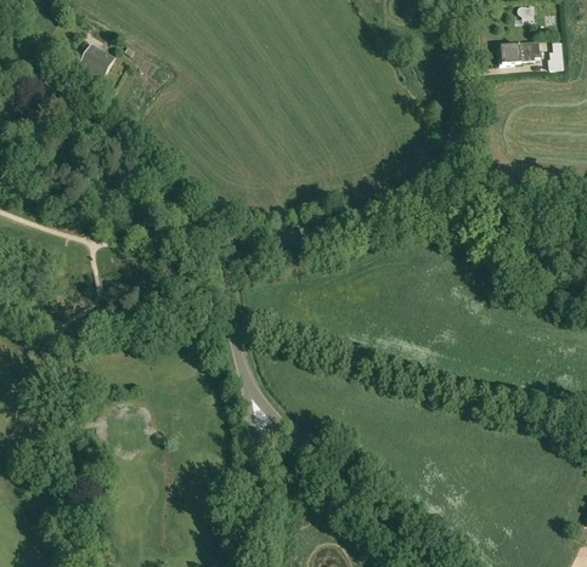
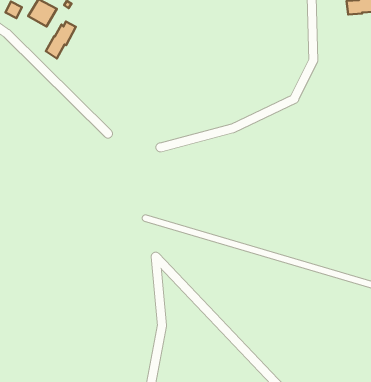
building: none -> [46,21,76,58]

